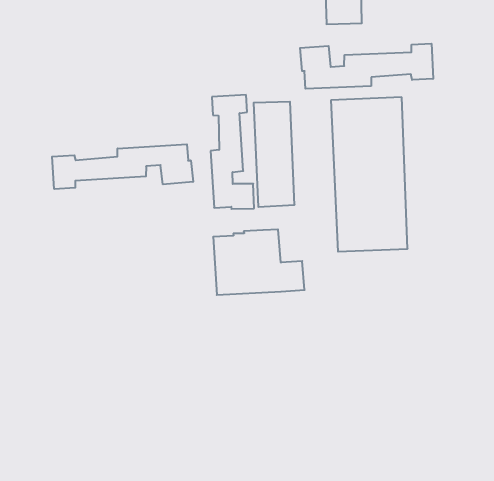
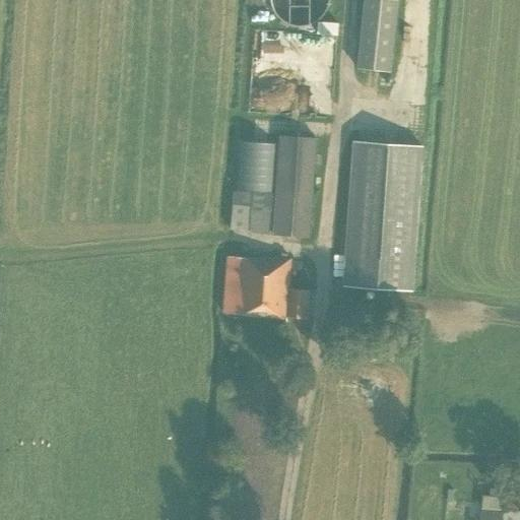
building: [300,44,433,89] -> none
building: [52,144,193,189] -> none

